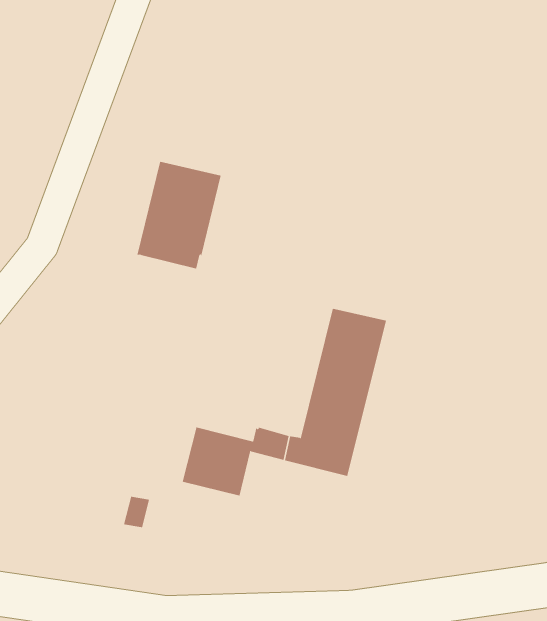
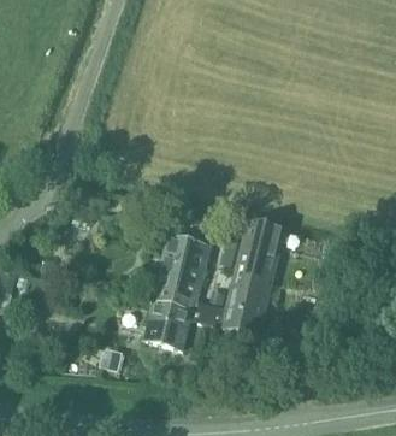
building: [137,161,221,269] -> [153,236,211,310]

